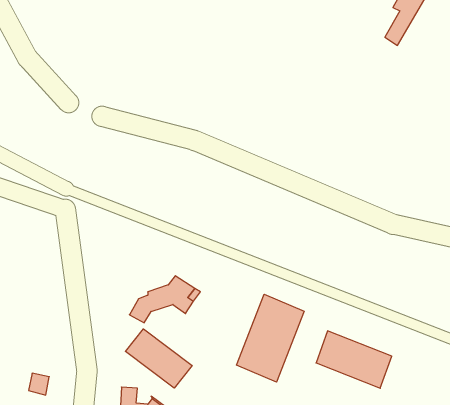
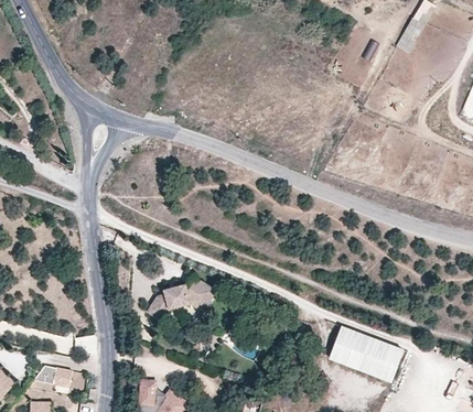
building: [236,294,304,382] -> none
building: [125,329,192,388] -> none

